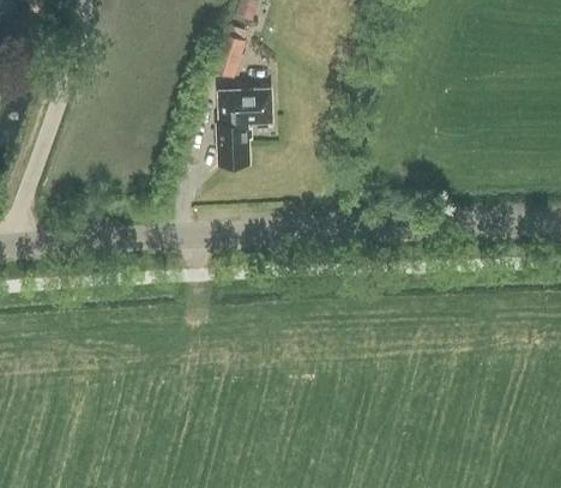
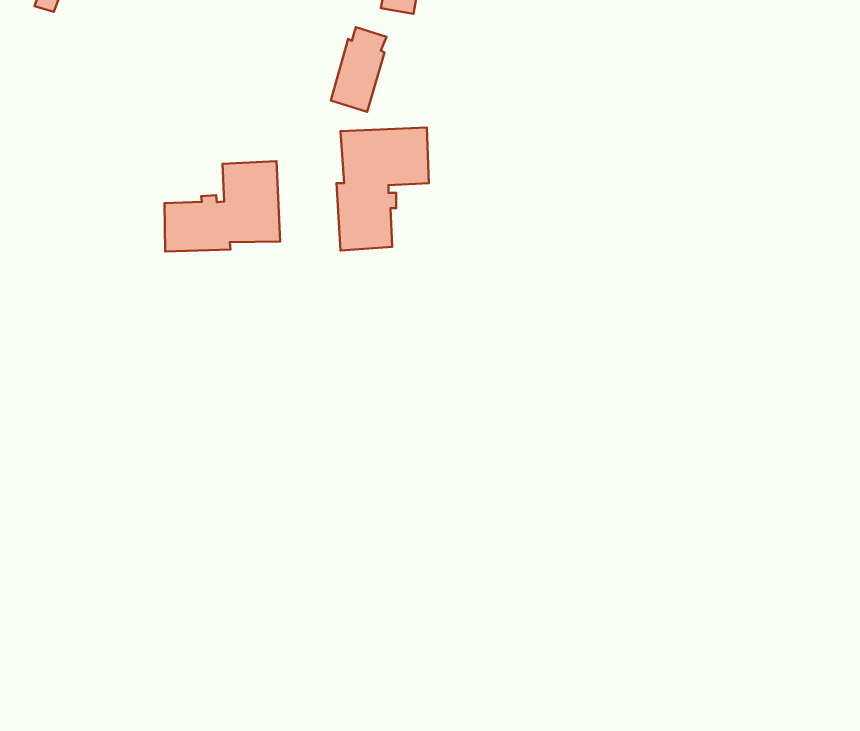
building: none -> [165,161,280,252]

